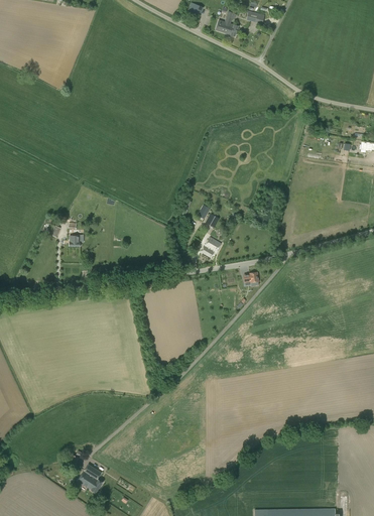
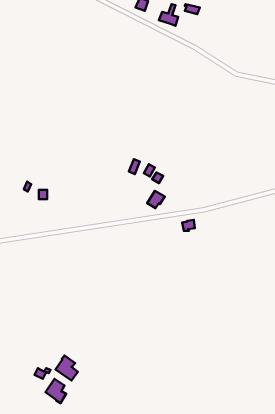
building: none -> [55,356,78,381]

